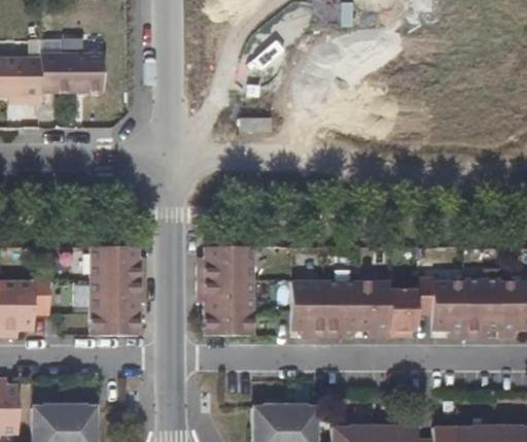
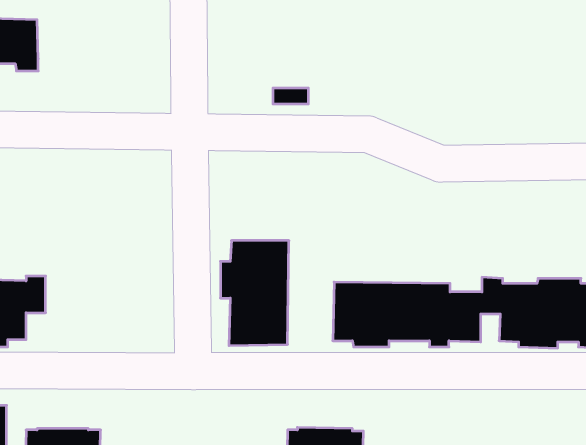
building: [42,56,102,94] -> none
building: [91,246,144,335] -> none

